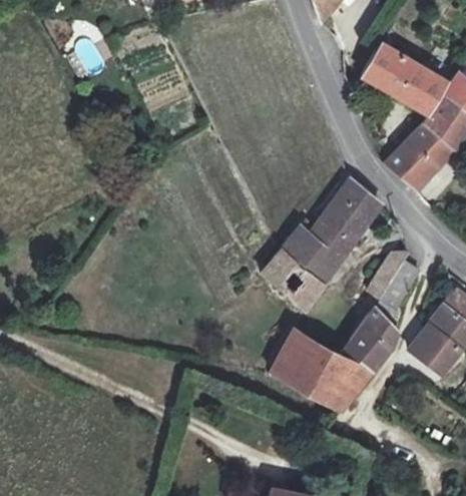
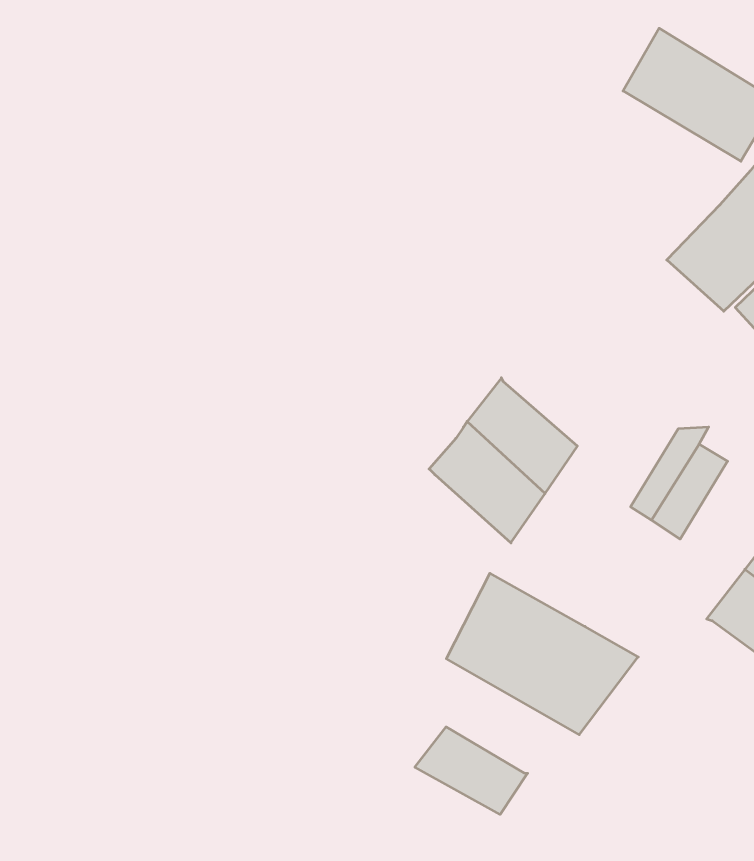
building: [300,177,379,261] -> none
building: [343,311,395,372] -> none
building: none -> [415,727,528,814]

